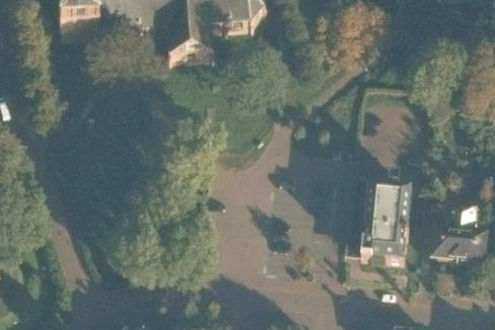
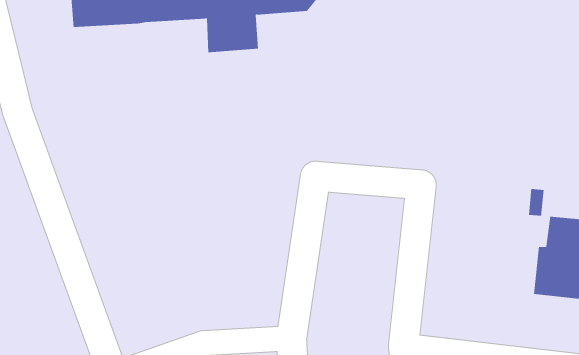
building: [347,176,412,261] -> none

